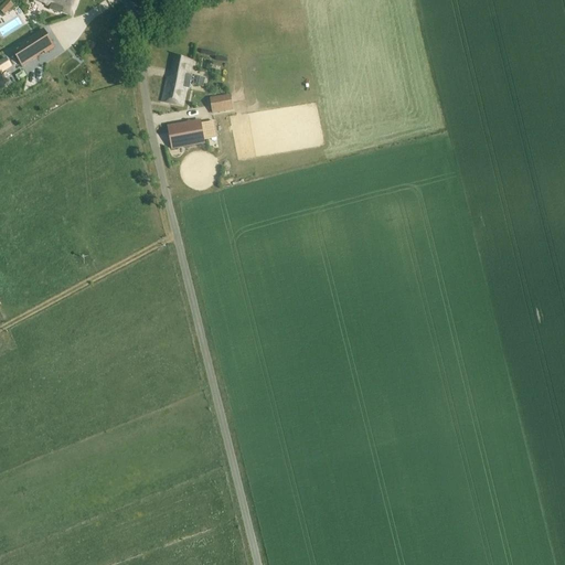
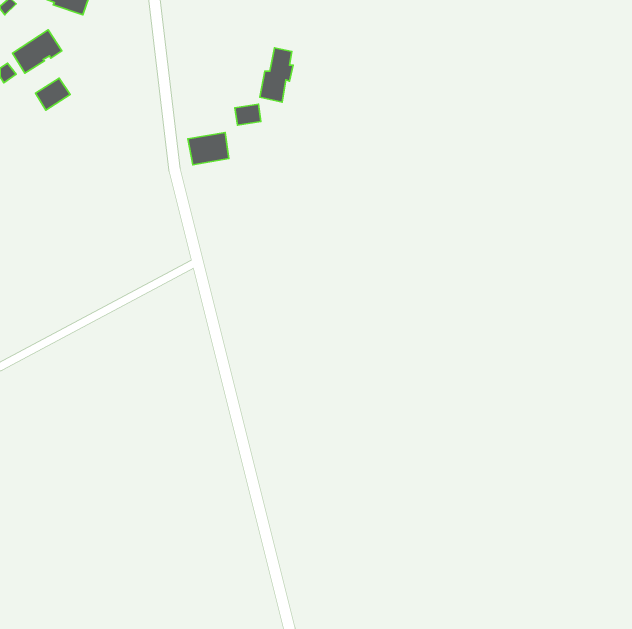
building: [162,57,192,106] -> [260,48,293,102]
building: none -> [35,78,70,110]

